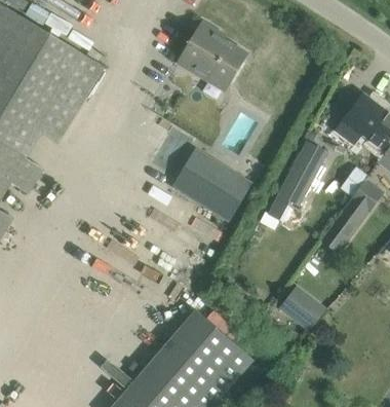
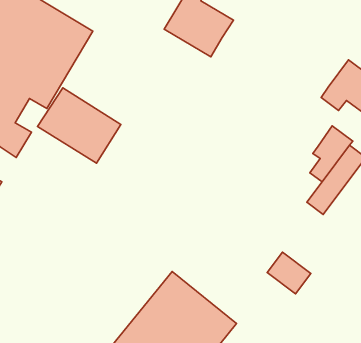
building: [267,141,327,220] -> none
building: [167,145,251,221] -> [37,88,121,163]

